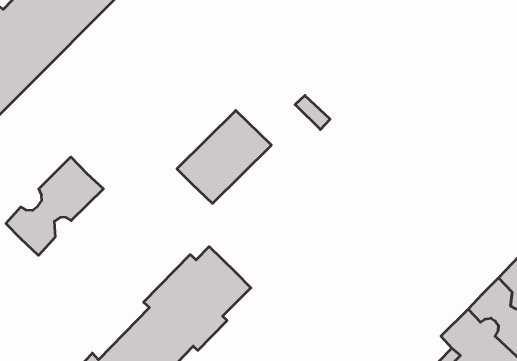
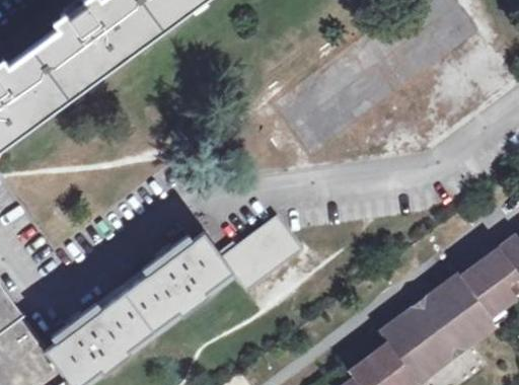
building: [177,110,271,203] -> [224,217,303,289]
building: [6,157,103,255] -> none

